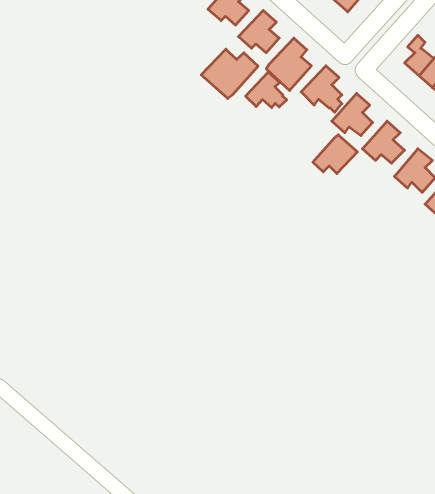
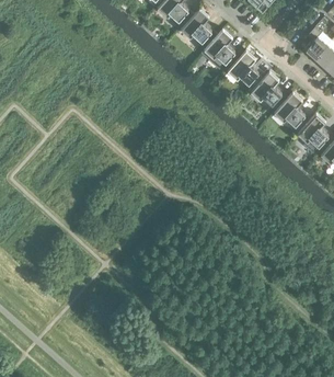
building: [201,49,258,99] -> none
building: [246,72,287,108] -> none
building: [313,135,357,174] -> none

